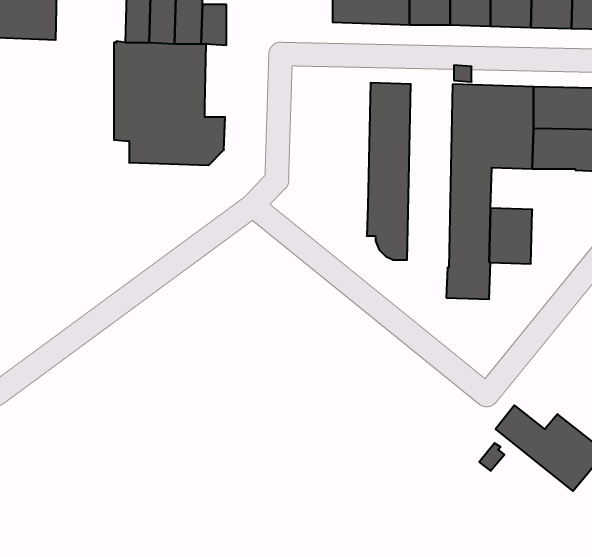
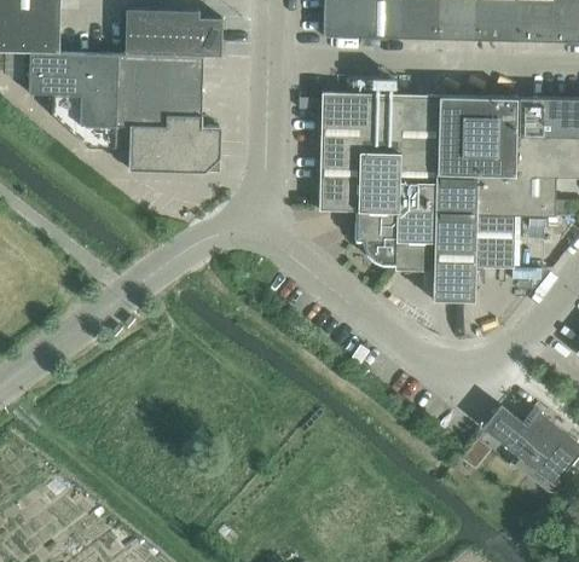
building: none -> [30,52,115,147]
building: none -> [319,92,360,210]
building: none -> [395,94,439,270]
building: none -> [475,174,556,215]

